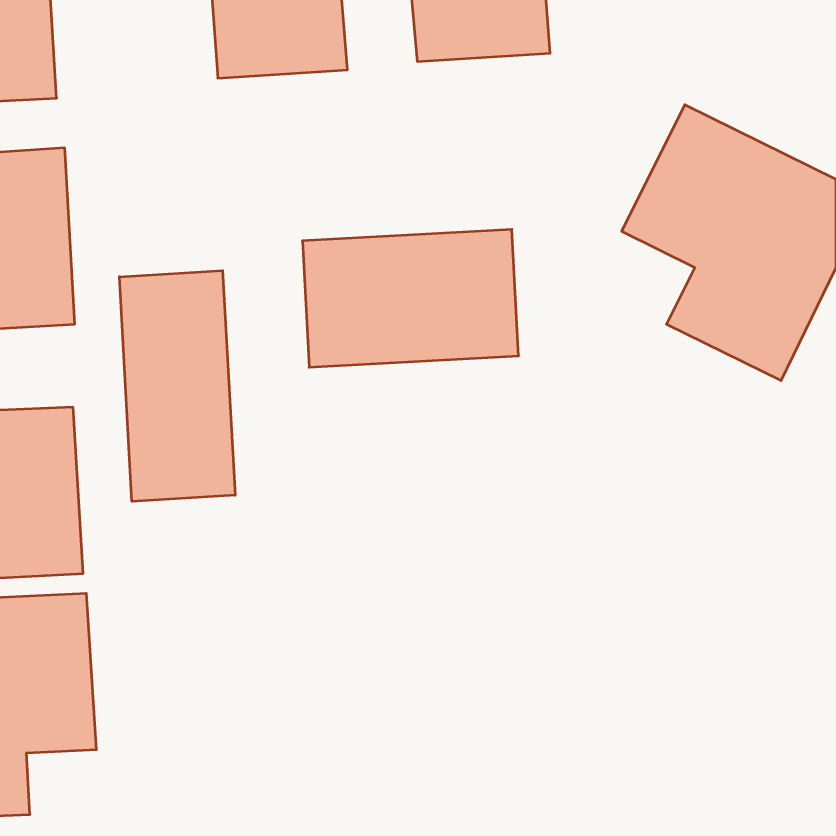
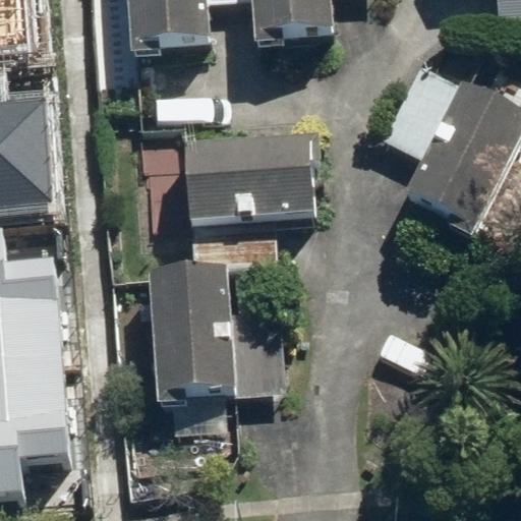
building: [119,271,235,501] -> none
building: none -> [150,269,285,401]

